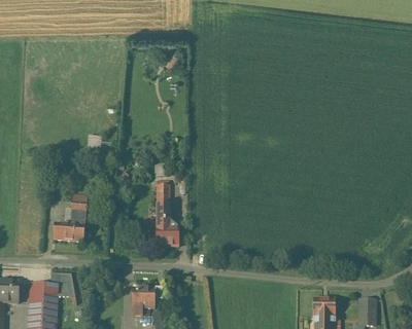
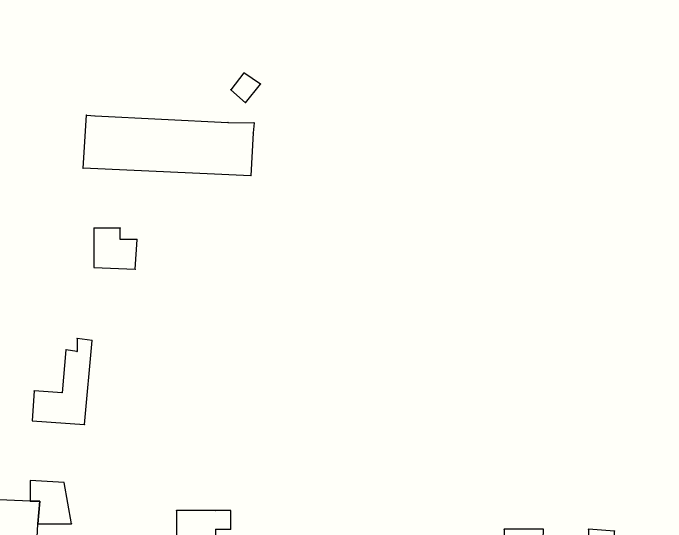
building: none -> [83,115,254,176]
building: [157,184,177,246] -> none

